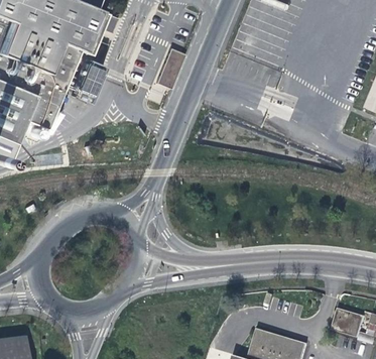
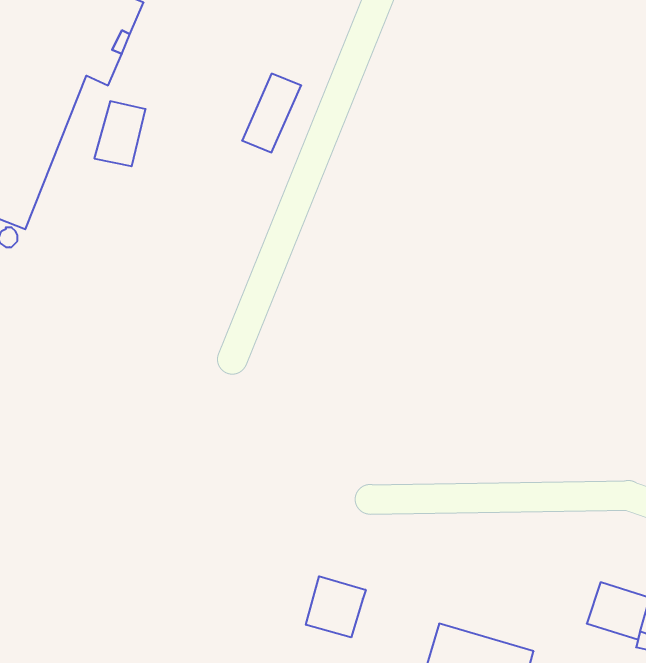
building: none -> [306,576,366,637]

